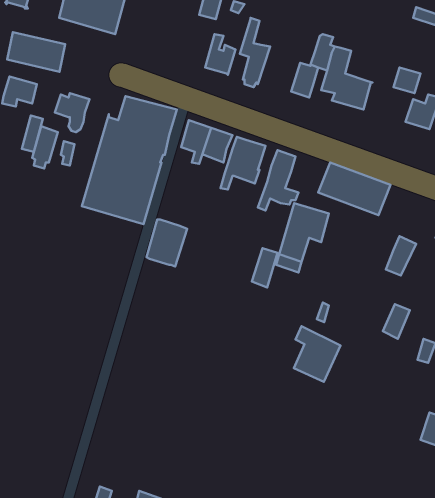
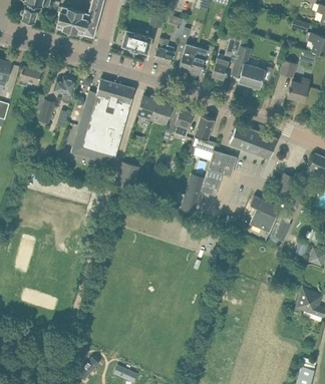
building: none -> [121,29,151,57]
building: [7,32,65,72] -> none
building: none -> [189,45,215,76]
building: [294,326,341,382] -> [249,196,280,233]

